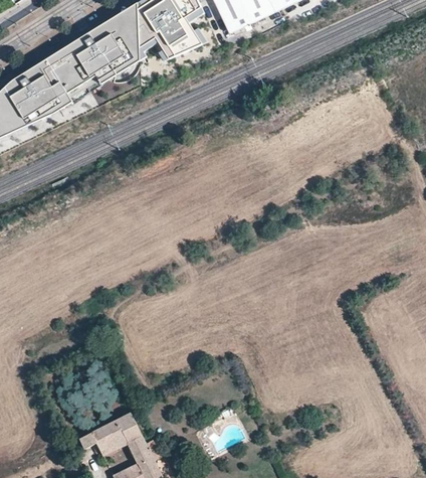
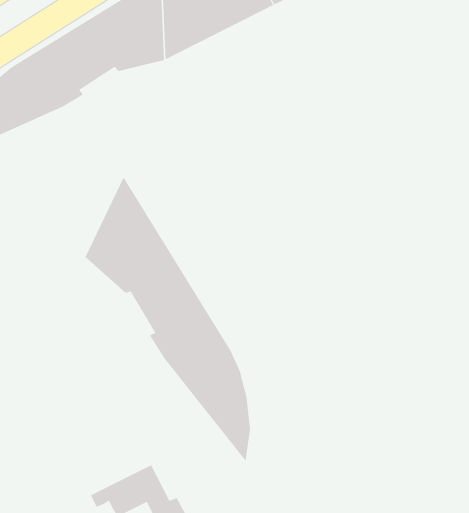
building: none -> [85,176,251,462]

